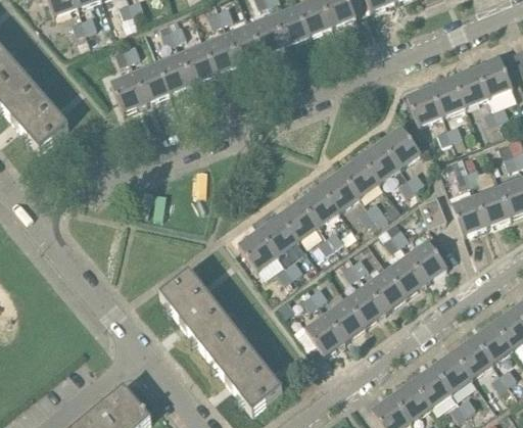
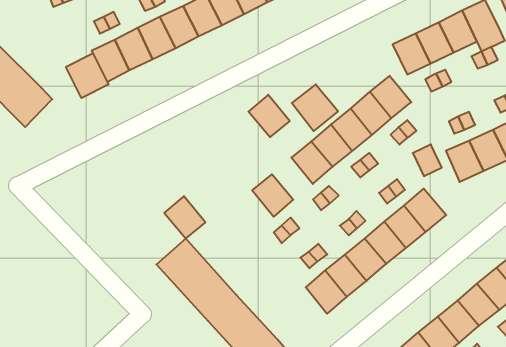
building: none -> [66,53,109,98]
building: none -> [292,84,338,131]
building: [280,198,320,240] -> [248,95,290,137]
building: [239,228,279,270] -> [164,196,205,238]

